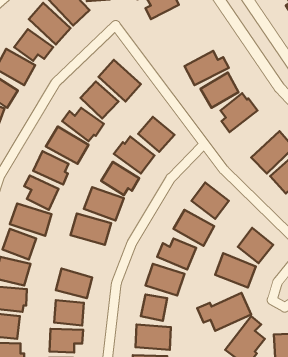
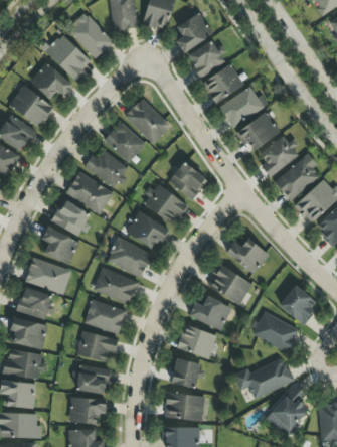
building: none -> [187,40,225,78]
building: none -> [203,65,243,102]
building: none -> [274,153,320,201]
building: none -> [85,301,127,333]

